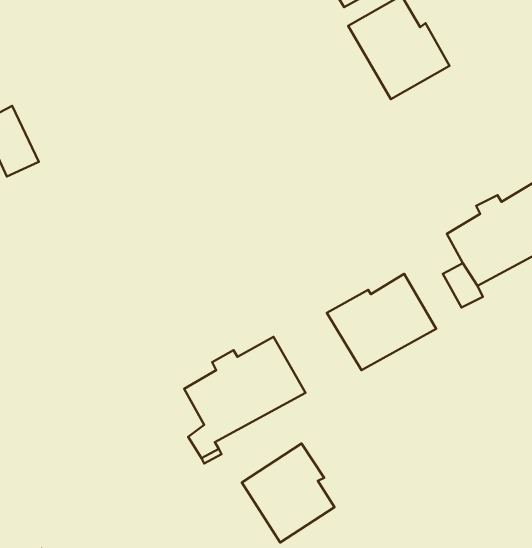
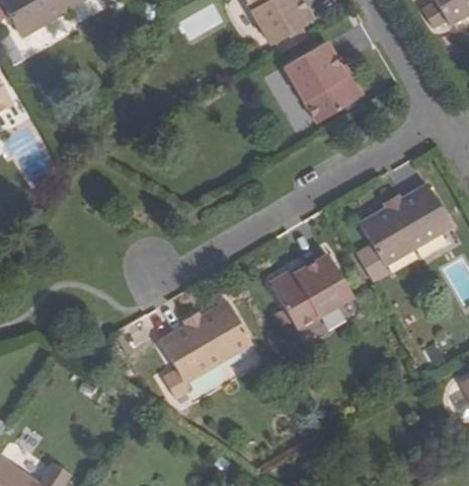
building: [242,443,335,542] -> none

